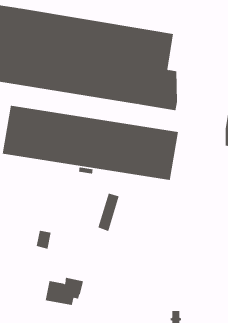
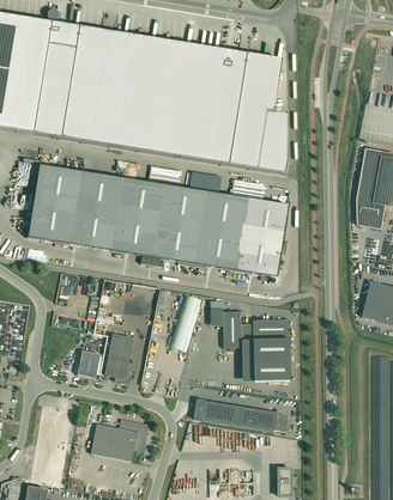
building: none -> [223,310,290,379]
building: none -> [104,331,134,382]
building: none -> [194,397,290,429]

